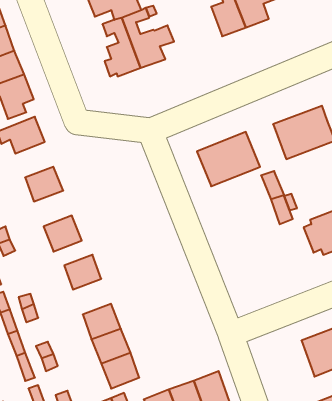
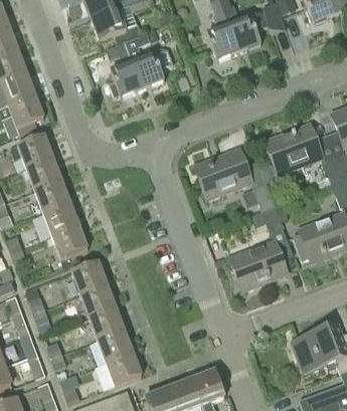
building: none -> [26,157,61,190]
building: none -> [43,202,78,235]
building: none -> [229,240,287,289]
building: none -> [79,283,115,317]

